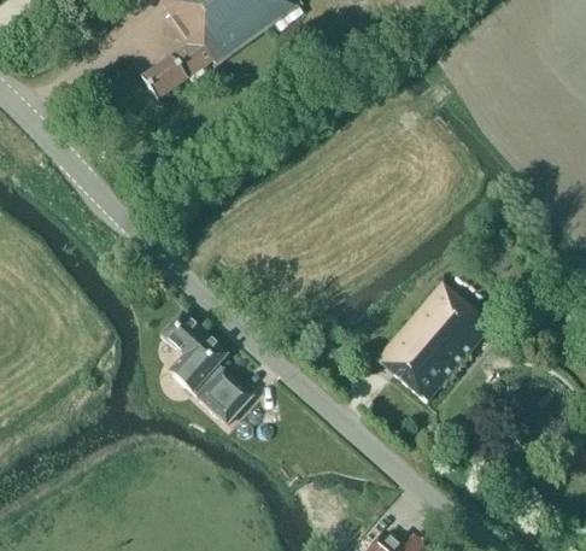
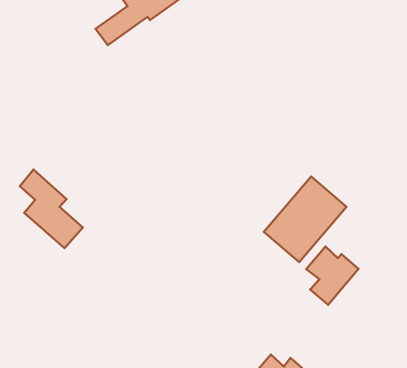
building: [163,311,251,421] -> [20,170,83,248]
building: none -> [306,247,358,305]

